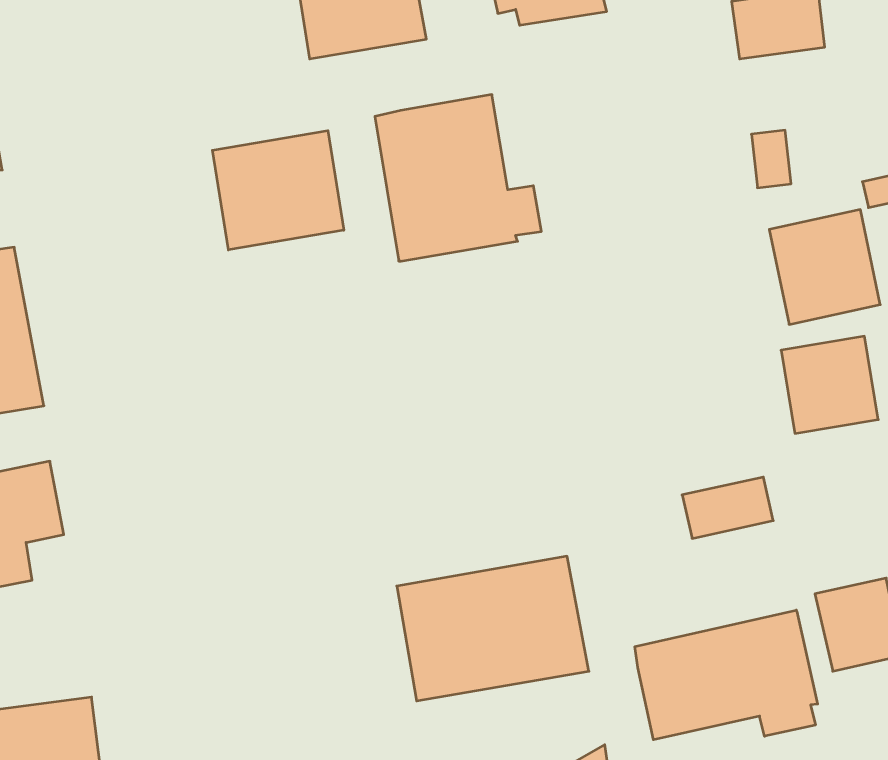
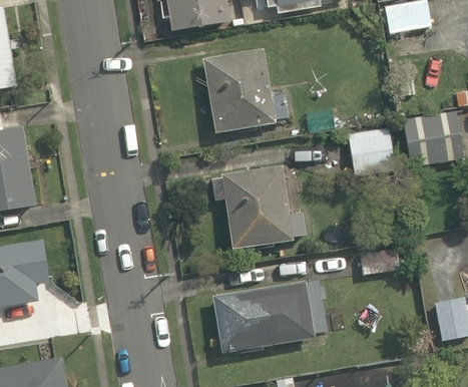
building: [212,131,344,250] -> none
building: none -> [220,166,305,250]
building: [781,336,878,433] -> [347,128,396,177]
building: [635,610,818,740] -> none

